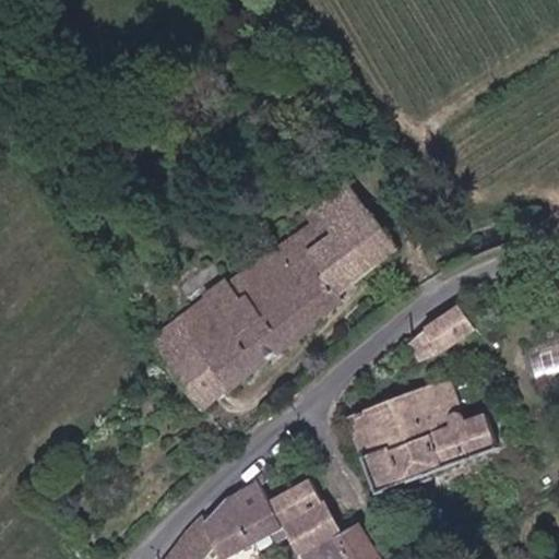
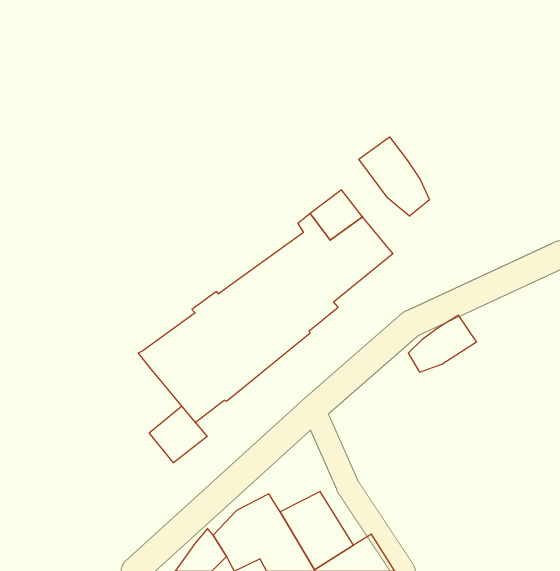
building: none -> [359,137,430,216]
building: [353,380,500,492] -> none
building: none -> [149,406,207,463]

